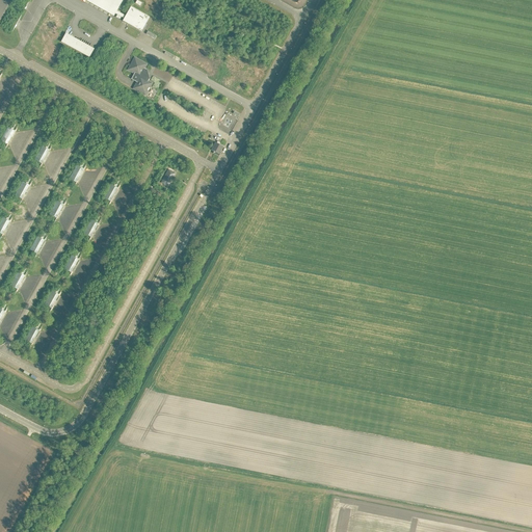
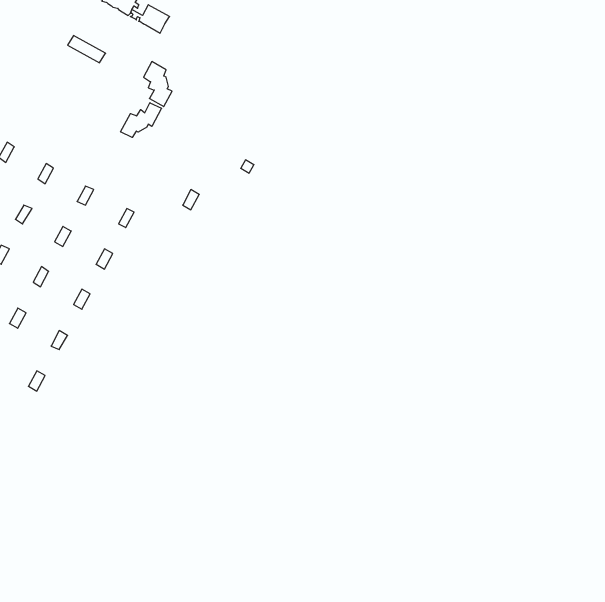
building: none -> [121,103,162,137]

